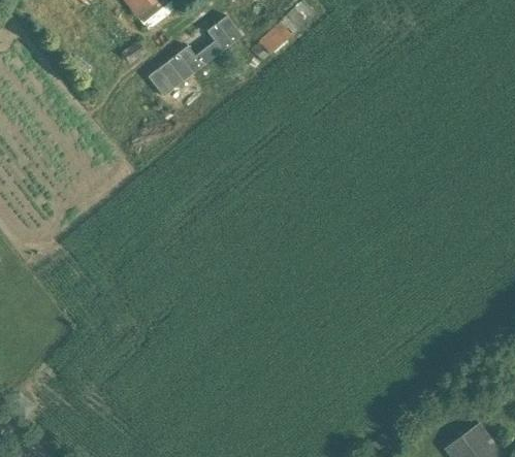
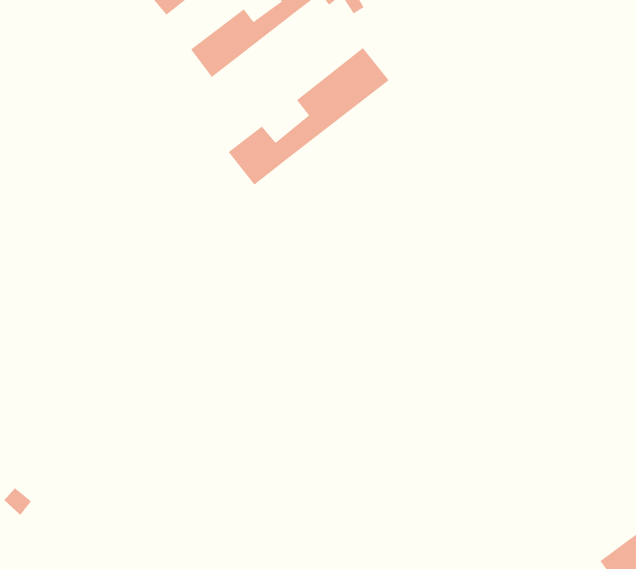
building: none -> [228,47,390,185]

